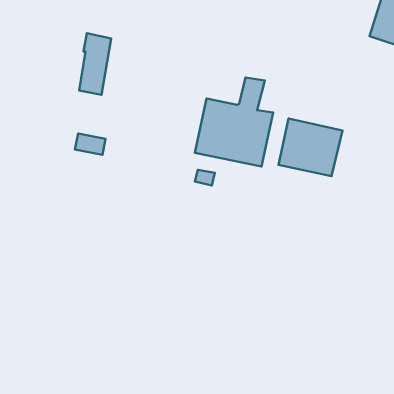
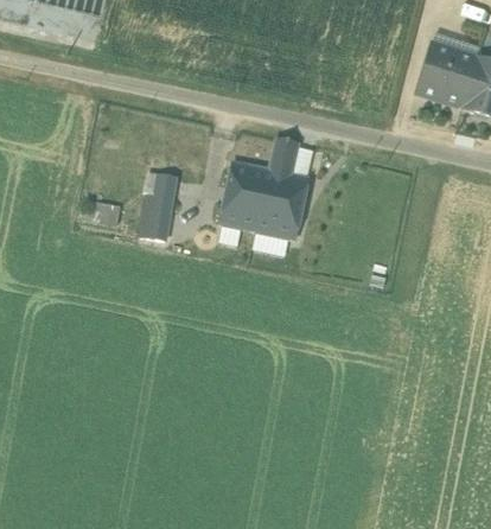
building: [79,33,111,95] -> [141,171,177,240]
building: [278,119,342,176] -> none

